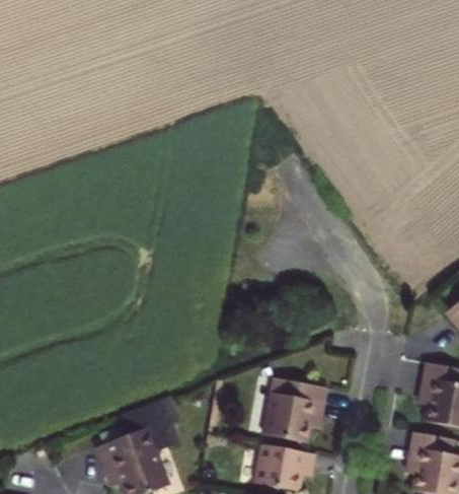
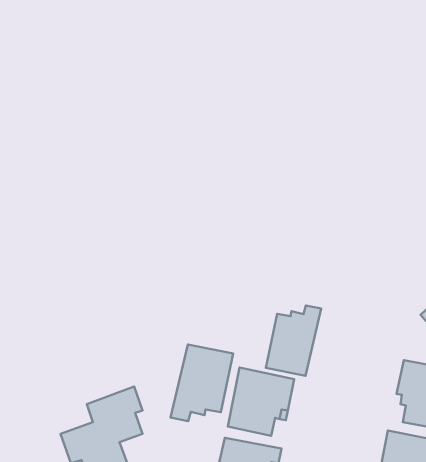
building: none -> [266,305,321,376]
building: none -> [171,345,233,421]

